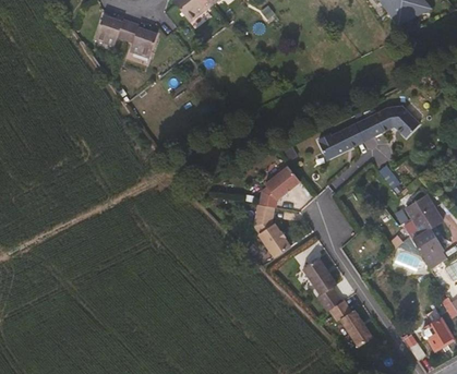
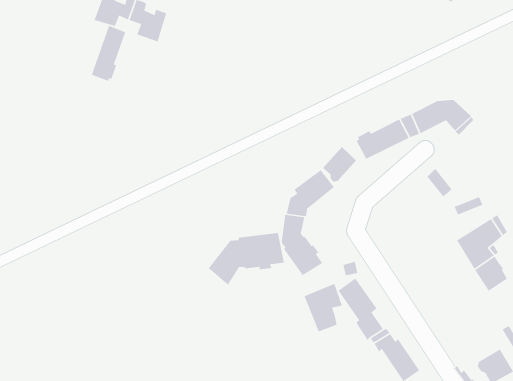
building: none -> [91,25,126,82]
building: none -> [322,146,357,182]
building: none -> [208,232,285,286]
building: none -> [304,283,343,333]

